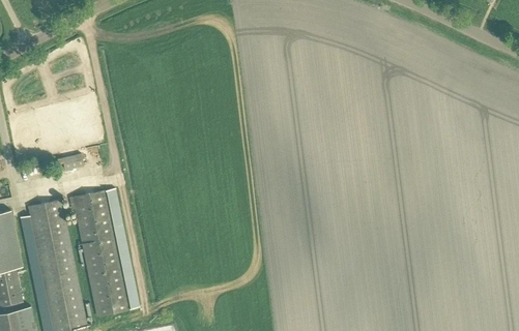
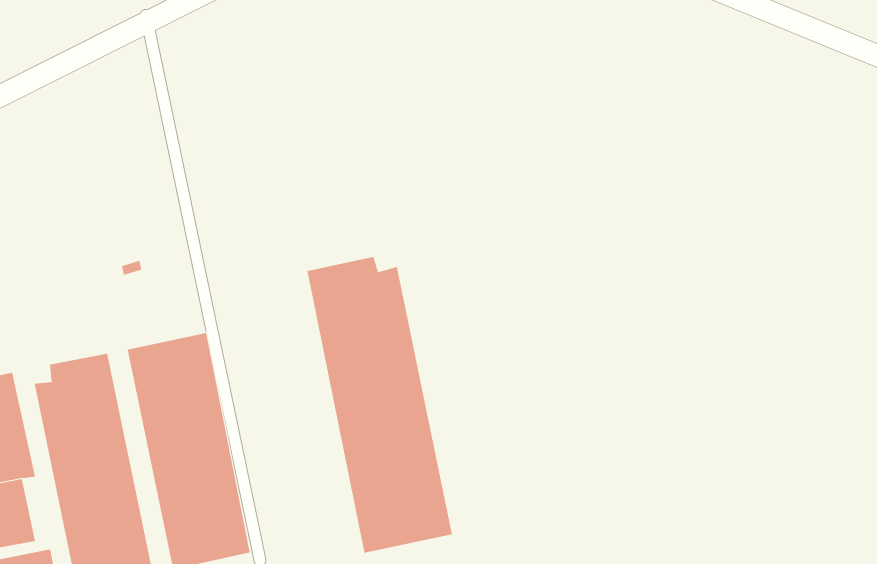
building: none -> [307,256,452,554]

